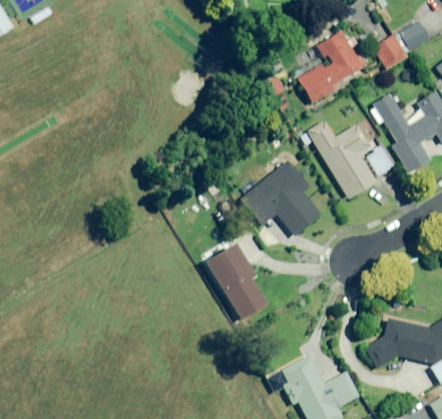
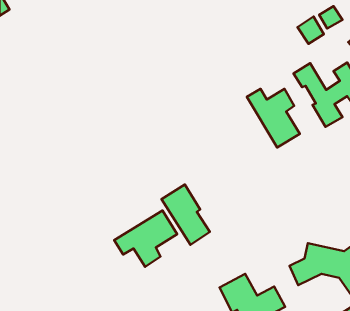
building: [298,28,364,101] -> none
building: [368,147,394,175] -> none
building: [242,161,321,236] -> none
building: none -> [114,210,177,267]

